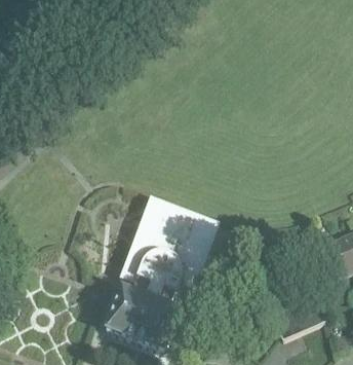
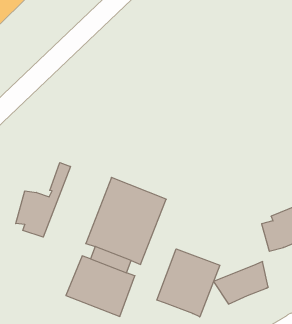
building: none -> [16,163,70,237]
building: none -> [157,249,220,317]

